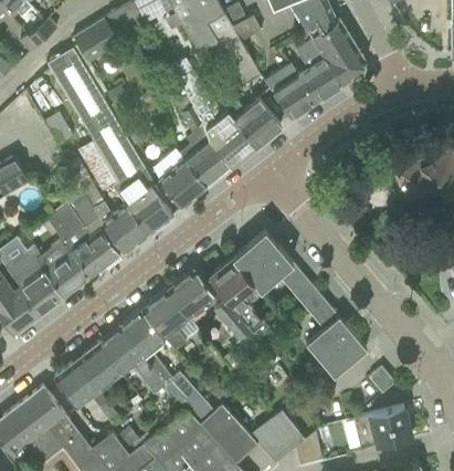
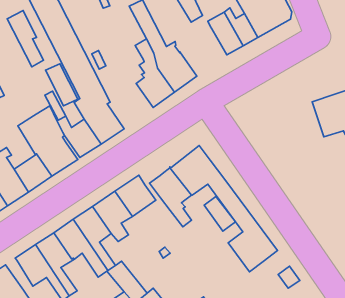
building: [226,97,282,147] -> none
building: [160,160,208,209] -> none
building: [214,301,253,342] -> [204,197,235,231]

